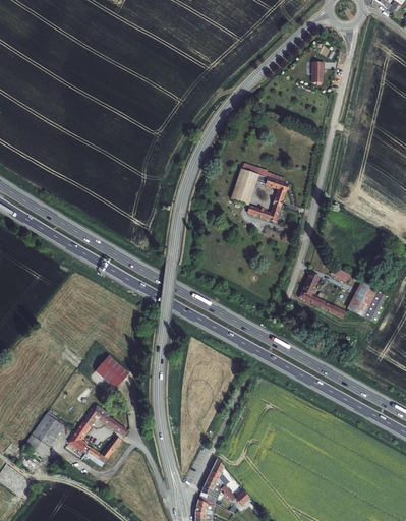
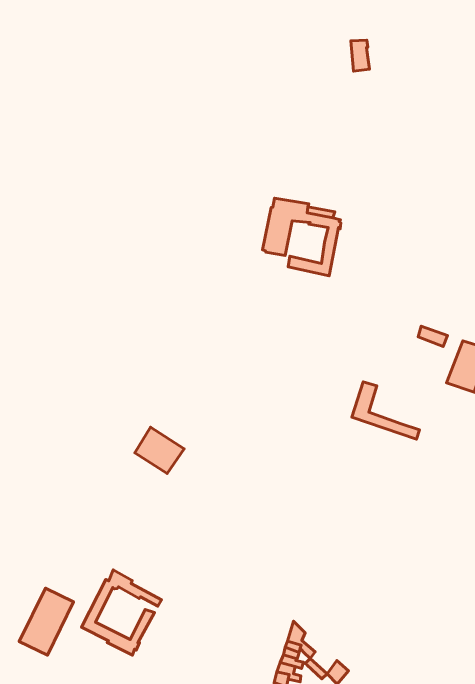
building: [299,274,345,319] -> [352,382,420,439]
building: [96,355,130,389] -> [135,427,184,473]

